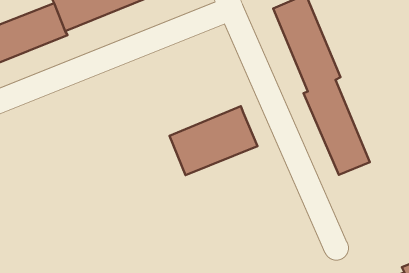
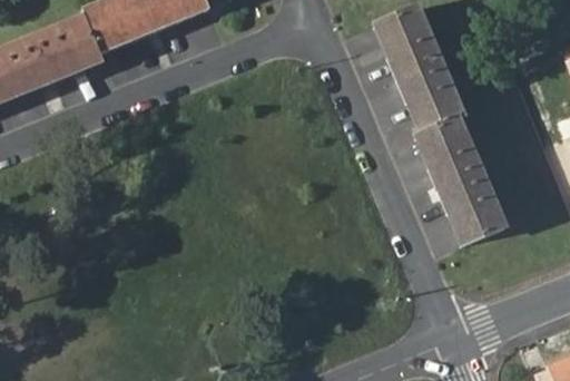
building: [169,106,257,175] -> none

